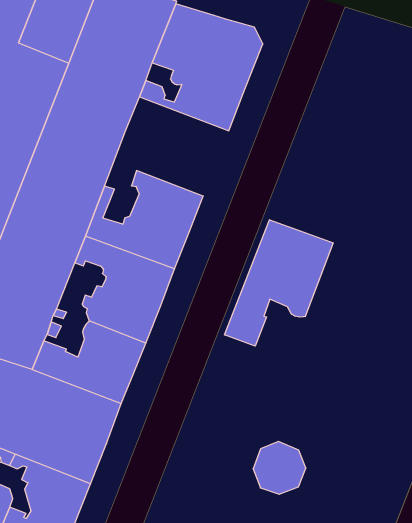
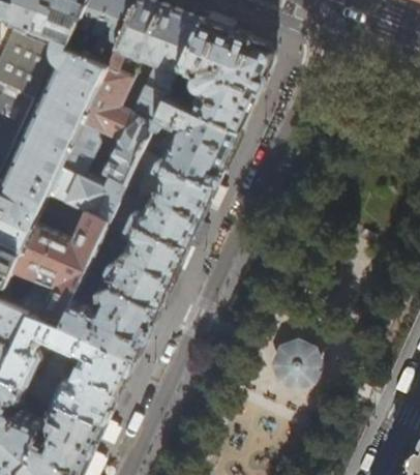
building: none -> [150,99,237,186]
building: [225,220,333,346] -> none
building: [253,441,306,494] -> [273,348,318,392]

